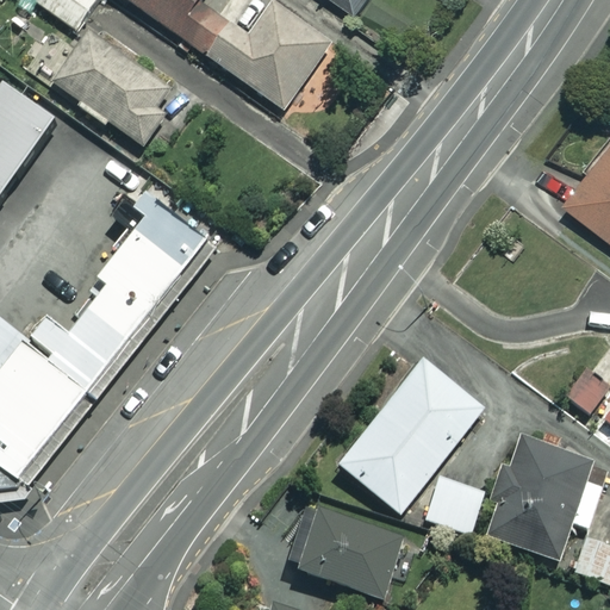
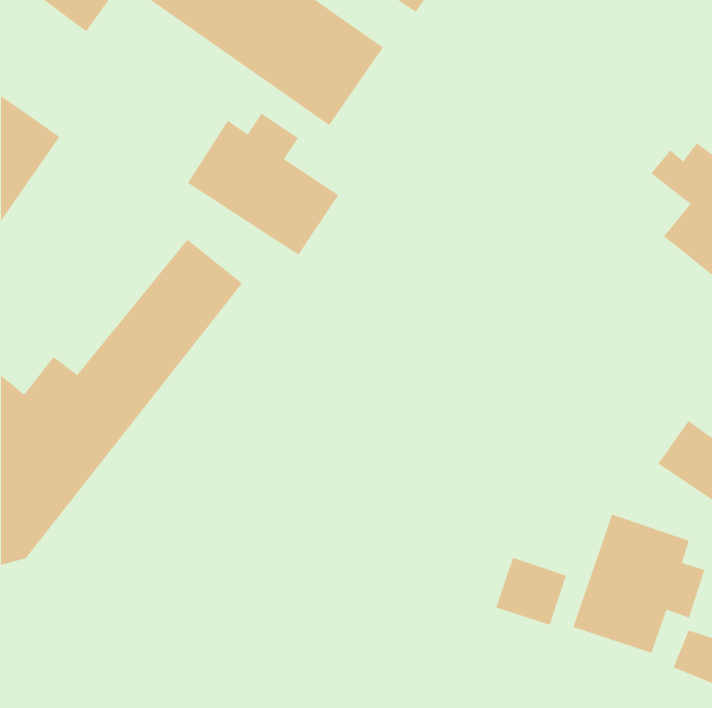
building: [48,23,178,144] -> [187,113,339,255]
building: [338,359,481,512] -> none
building: [294,508,402,598] -> none

